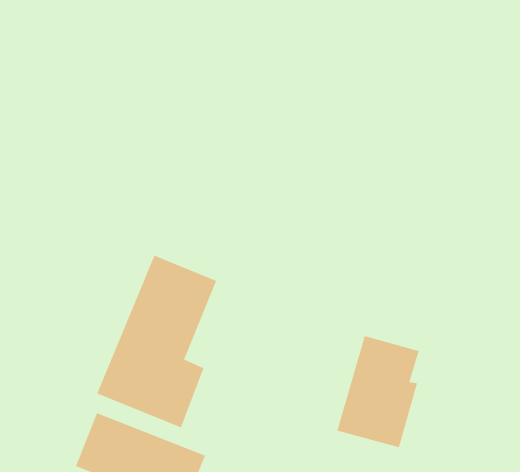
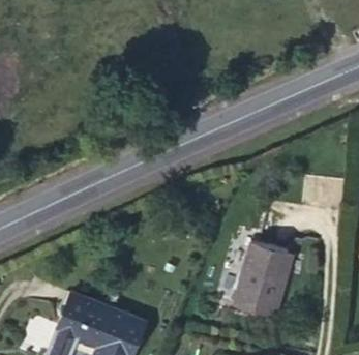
building: [97,255,217,428] -> none

